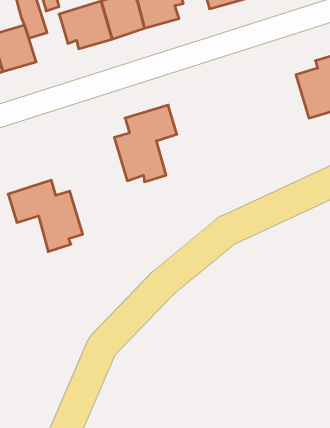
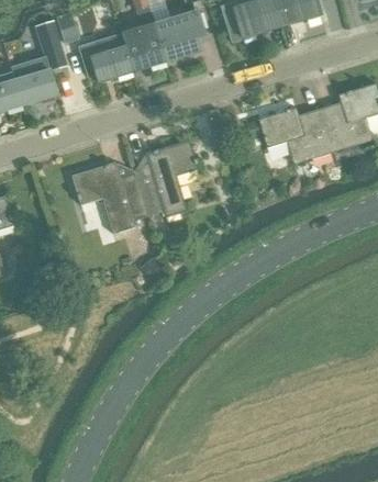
building: none -> [258,107,332,164]
building: [8,180,83,252] -> [71,160,147,233]

